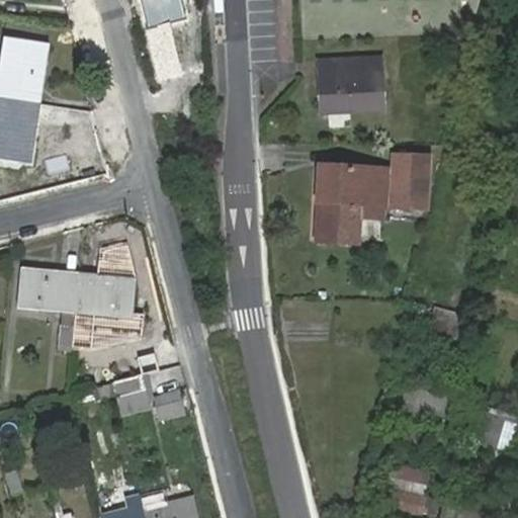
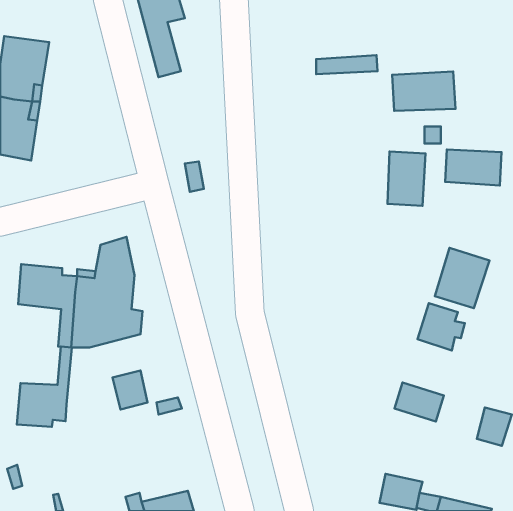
building: [319,72,382,111] -> [392,72,455,111]
building: none -> [445,149,502,186]
building: [315,165,385,243] -> none
building: none -> [435,248,490,308]
building: none -> [17,347,72,427]

